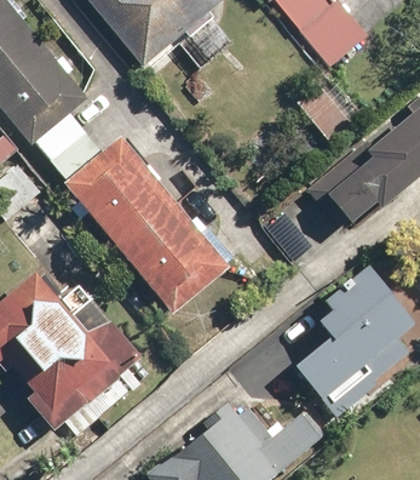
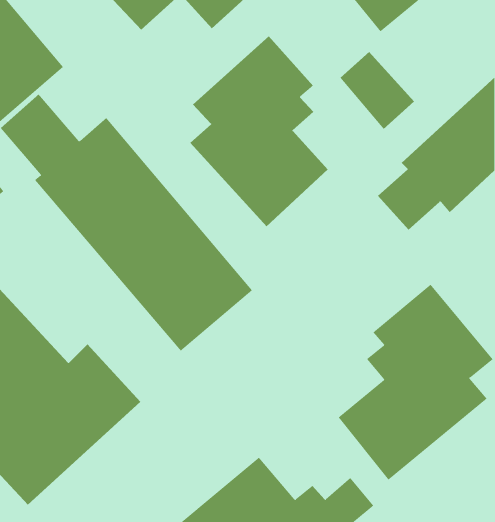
building: none -> [189,35,328,227]

